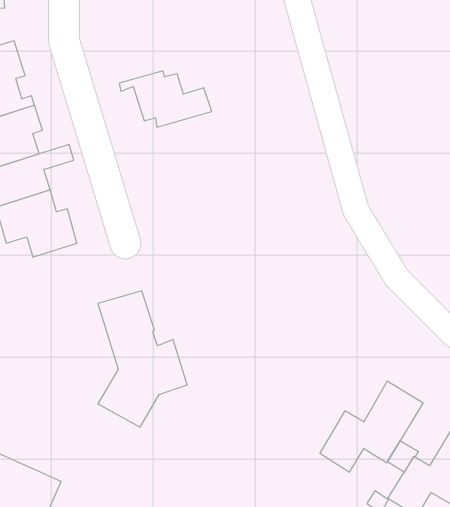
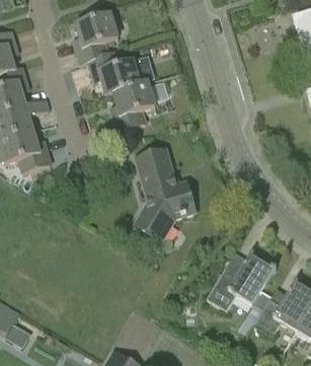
building: none -> [72,13,118,58]
building: none -> [102,76,154,131]
building: [98,291,187,427] -> [137,150,195,238]

